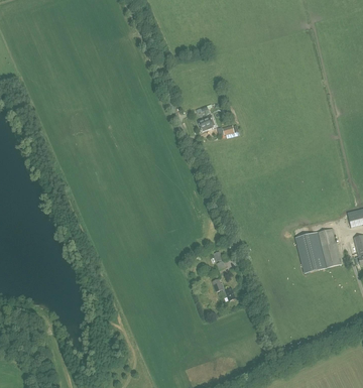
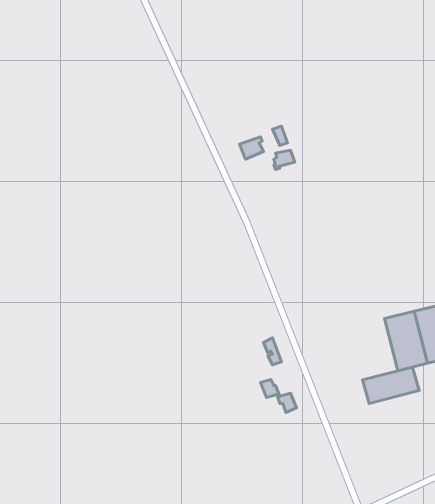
building: none -> [362,367,419,403]

